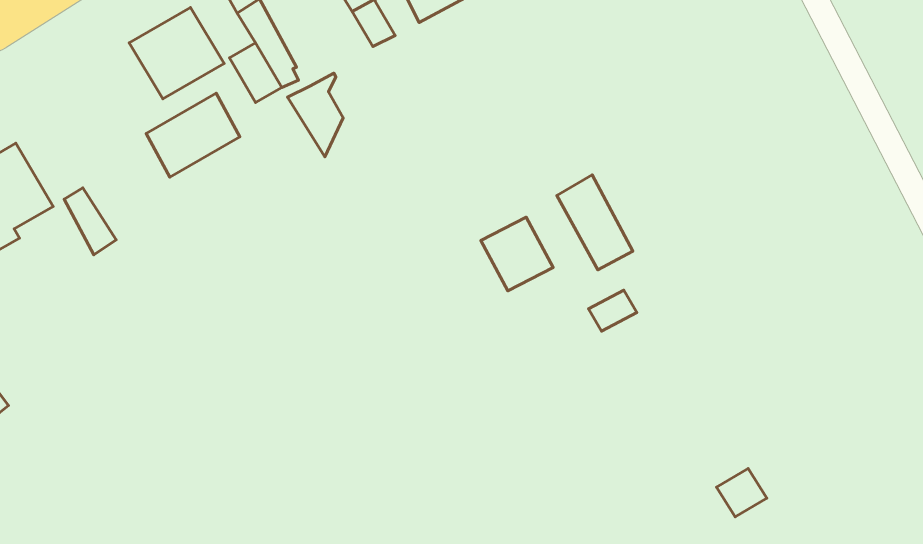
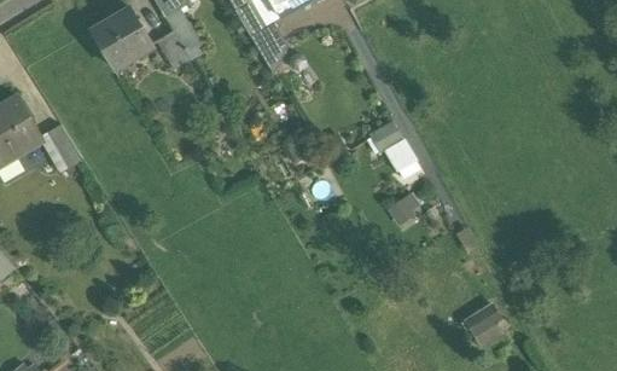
building: [287,73,343,157] -> [248,17,284,71]
building: [146,93,240,177] -> none
building: [481,217,553,291] -> none

